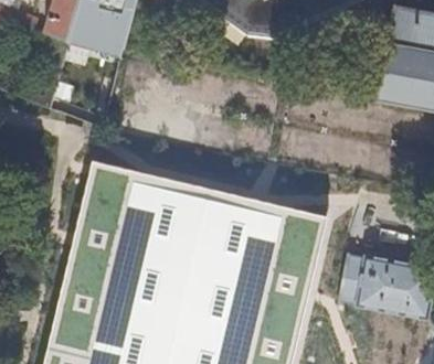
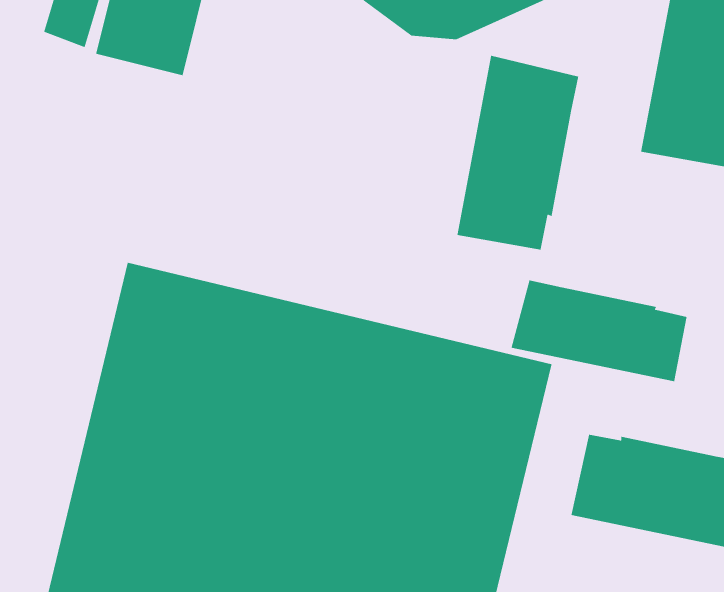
building: none -> [456,55,579,250]
building: none -> [510,279,688,382]

